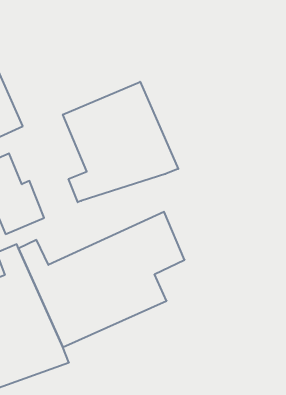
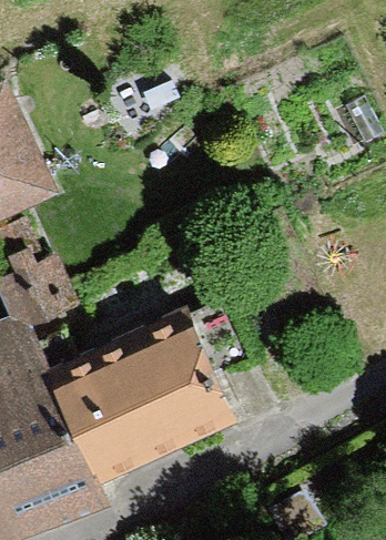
building: [63,82,178,202] -> none

